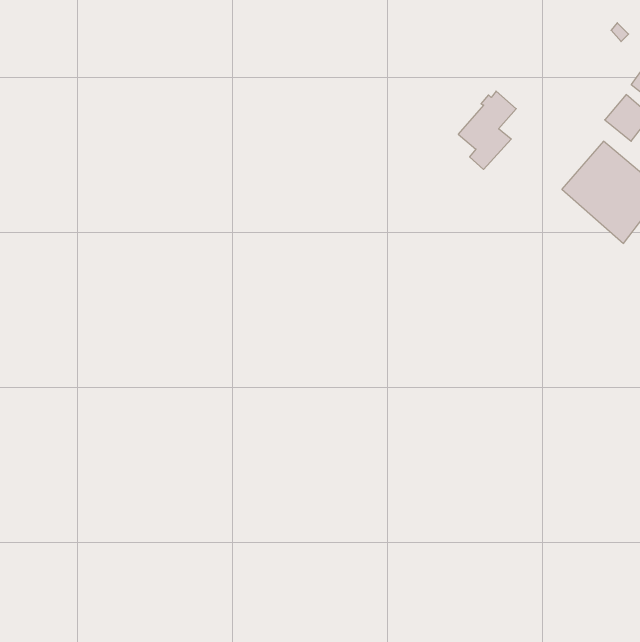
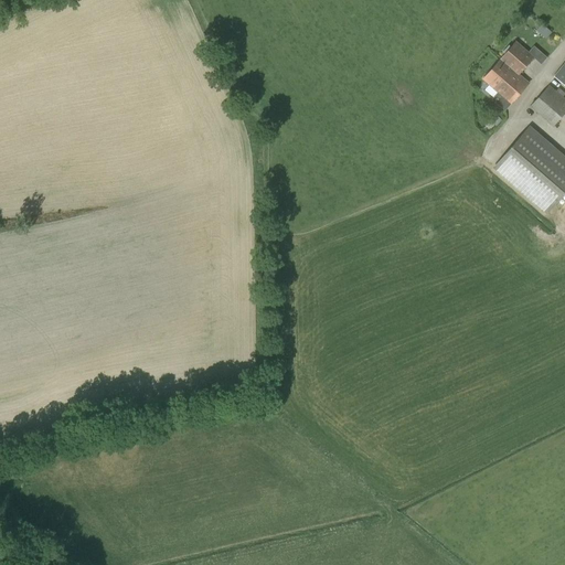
building: [458,91,516,169] -> [486,40,536,108]

